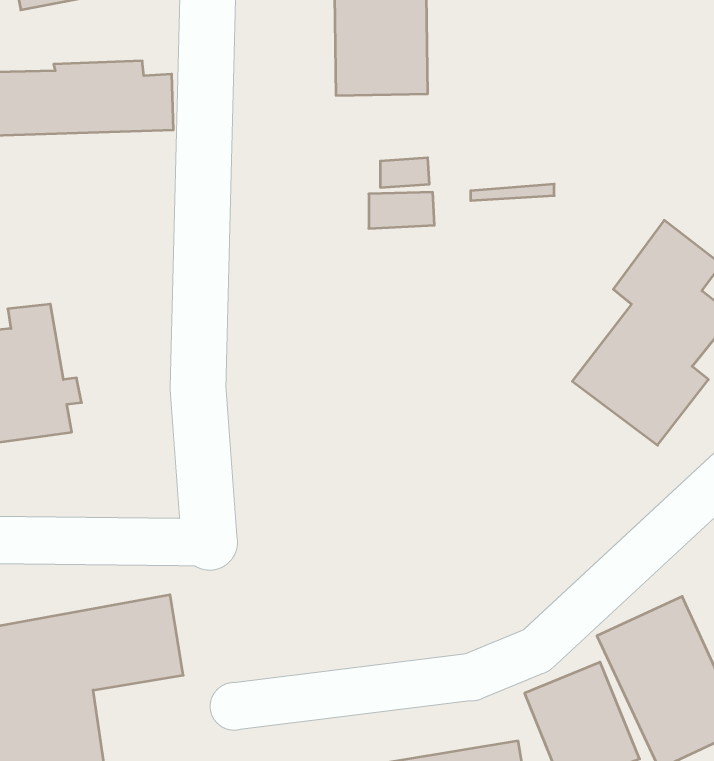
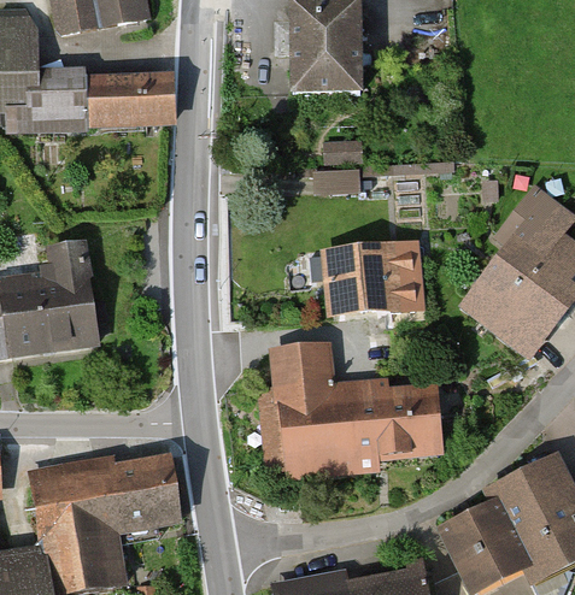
building: none -> [334,245,416,310]
building: none -> [265,347,444,478]

